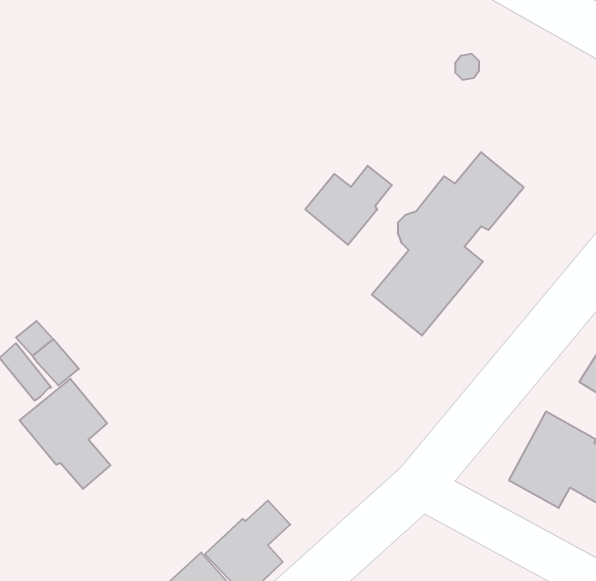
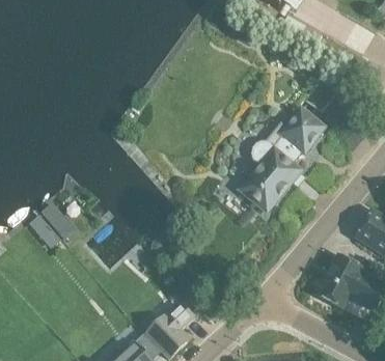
building: [305,166,392,245] -> none
building: [20,379,111,489] -> none

